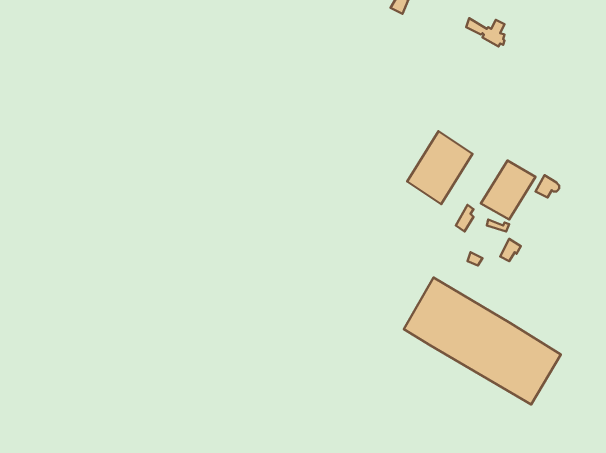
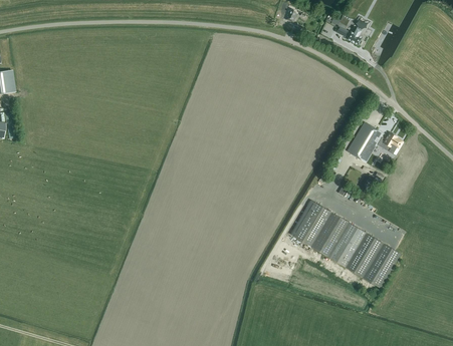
building: [407,131,473,204] -> none

